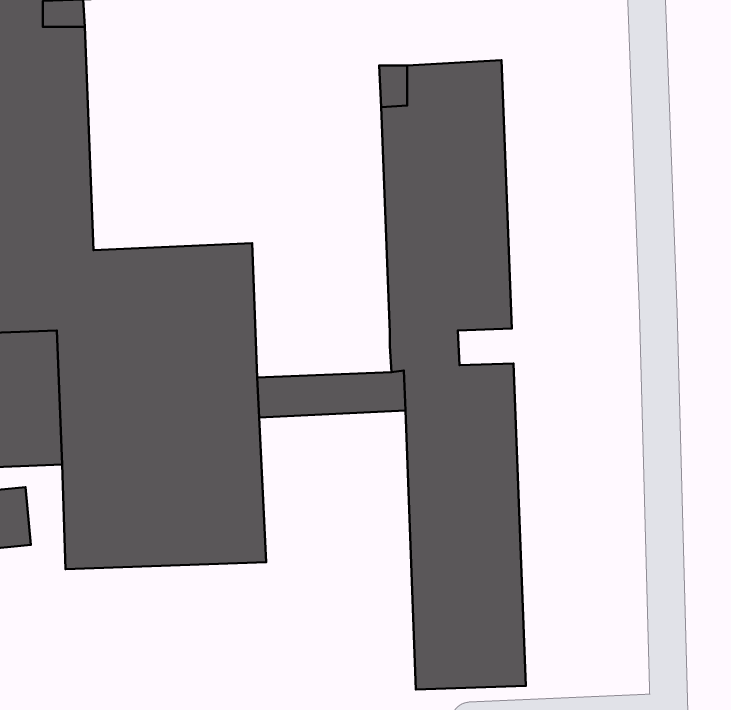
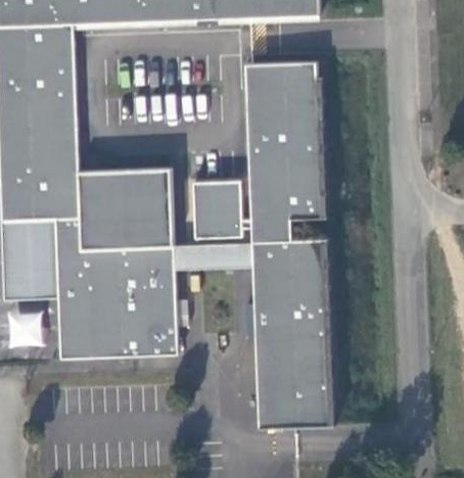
building: none -> [193,180,251,237]

